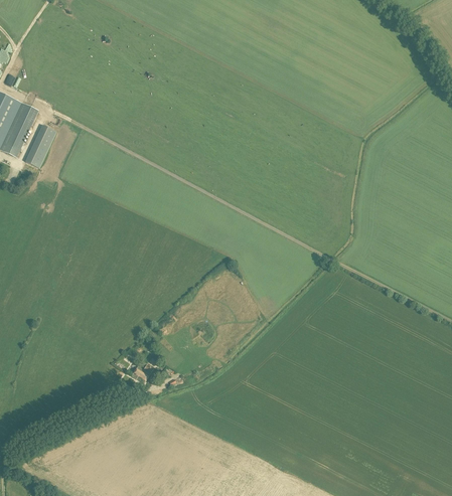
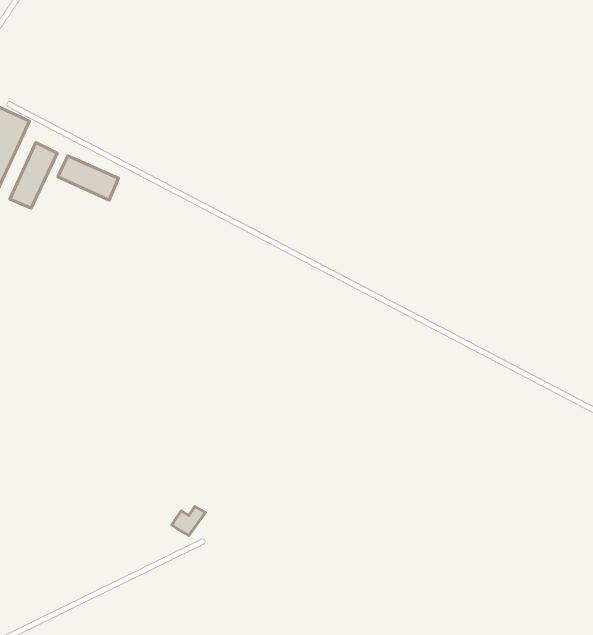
building: none -> [58,156,118,200]

